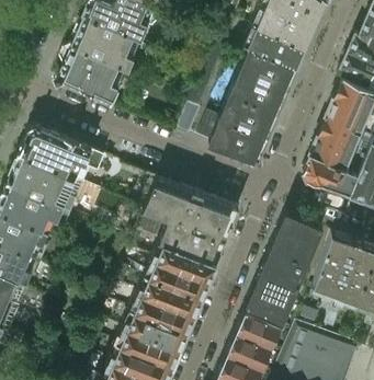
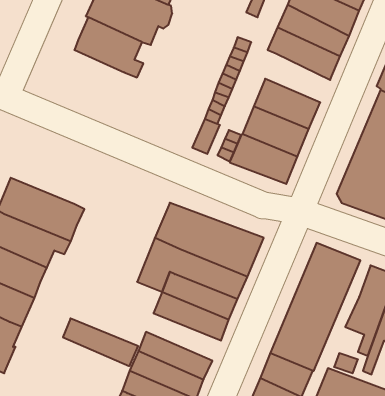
building: [57,47,117,105] -> none
building: [239,50,296,93] -> none
building: [16,129,103,186] -> none
building: [135,277,201,319] -> [63,318,138,366]

